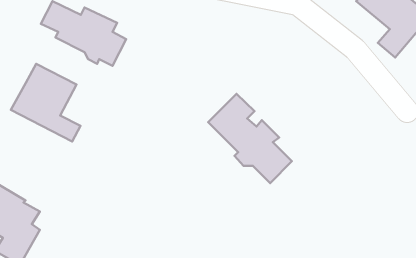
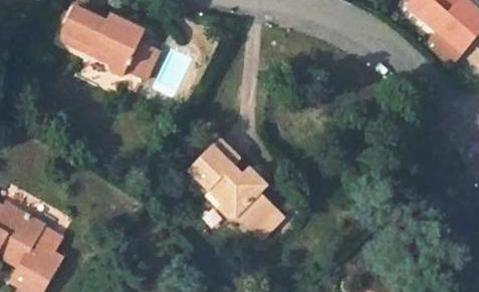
building: [11,64,80,142] -> none
building: [208,94,292,183] -> [189,138,281,237]

